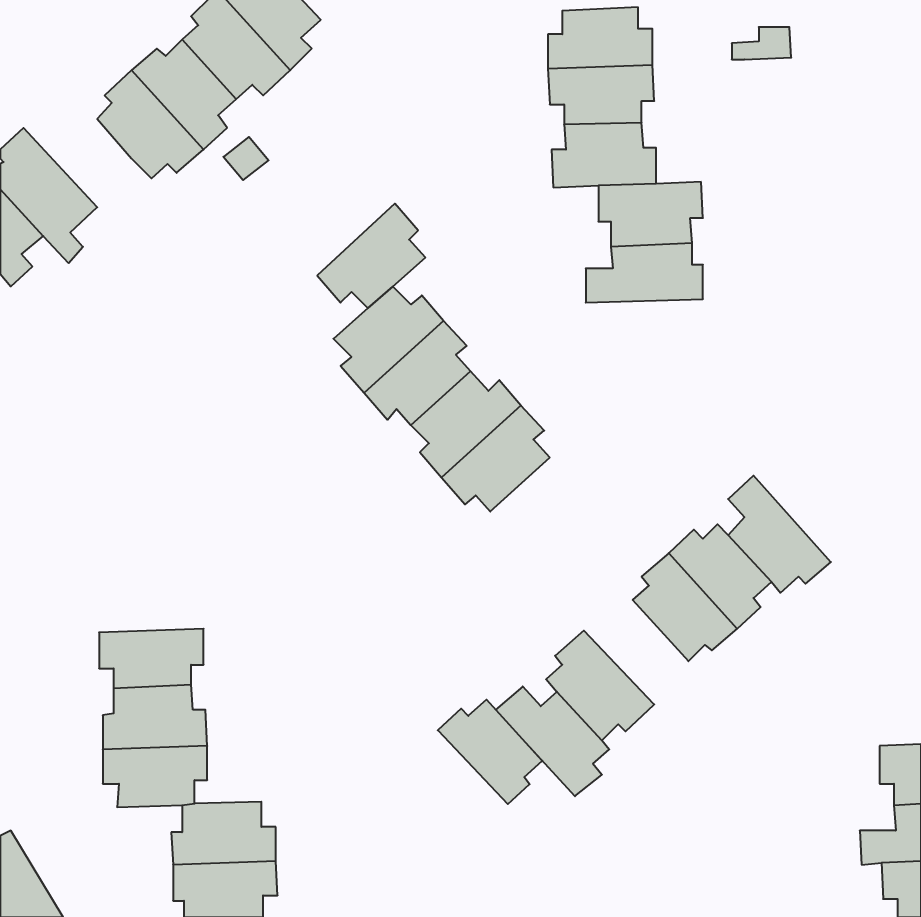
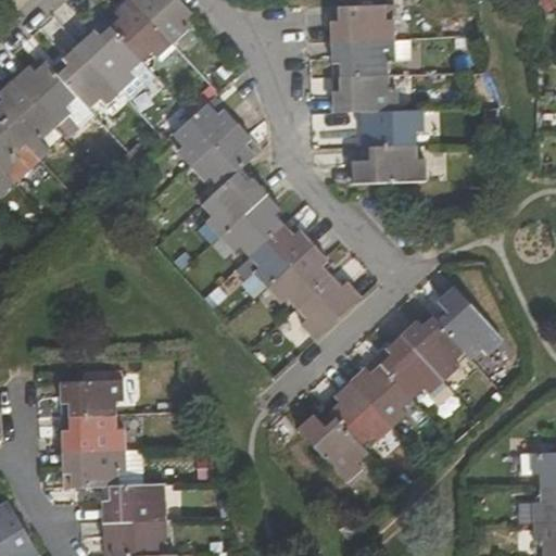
building: none -> [14,59,79,125]
building: none -> [173,102,238,166]
building: none -> [295,276,361,340]
building: [438,700,542,804] -> [352,362,415,425]

